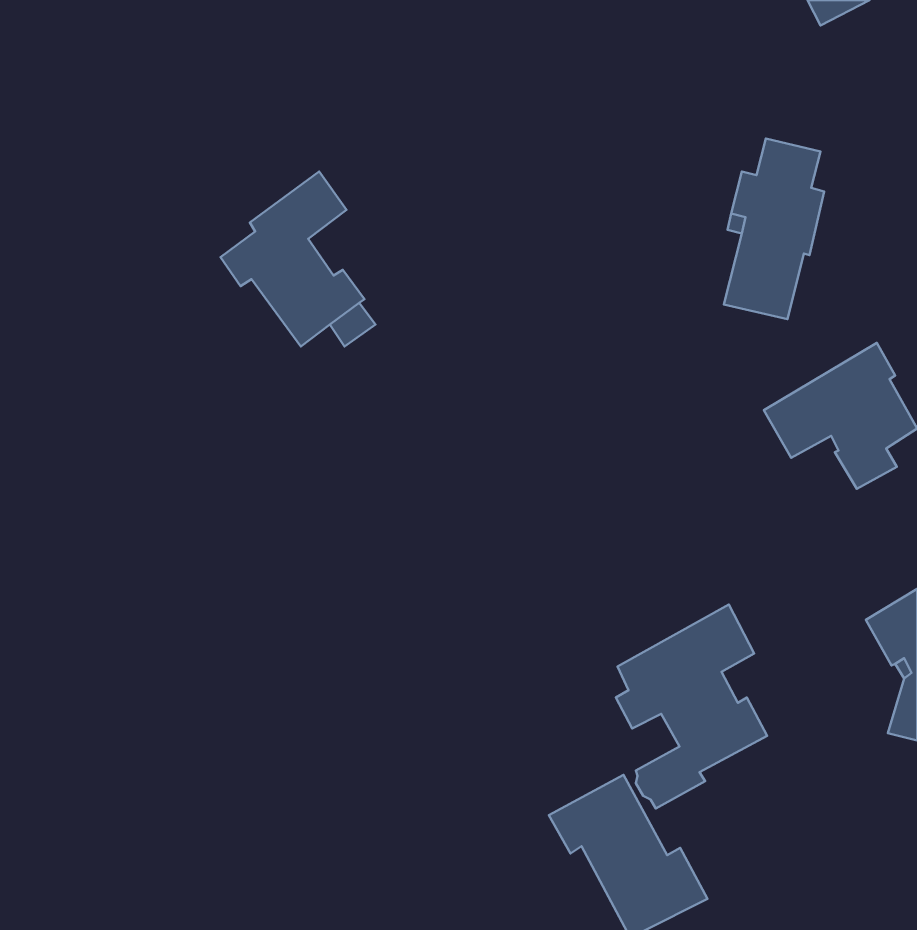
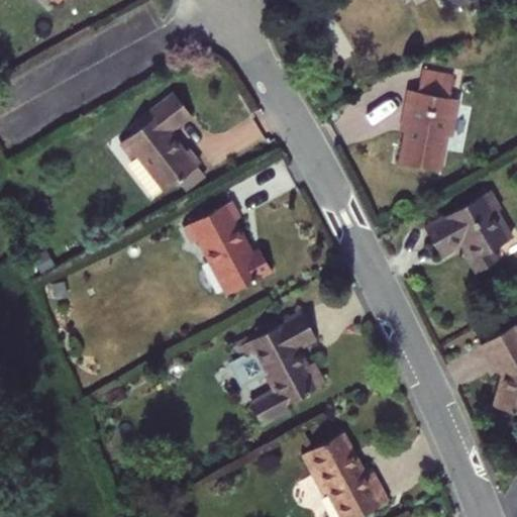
building: none -> [180,202,268,293]
building: [616,604,767,809] -> [242,313,326,426]

